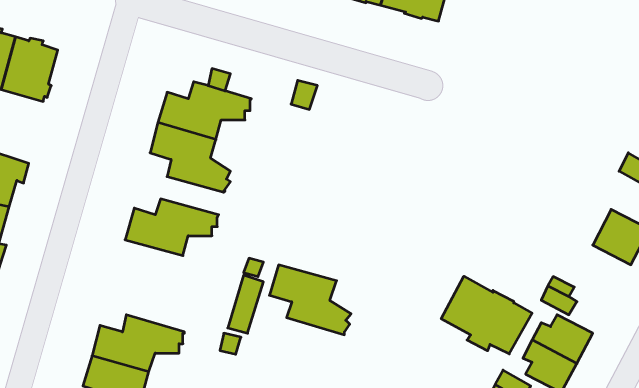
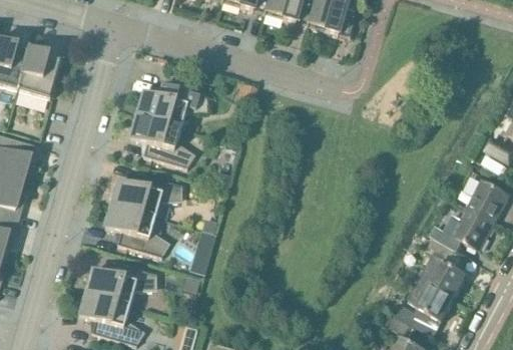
building: none -> [453,206,496,247]
building: [269,265,351,335] -> [104,202,166,255]
building: [441,276,532,354] -> none

